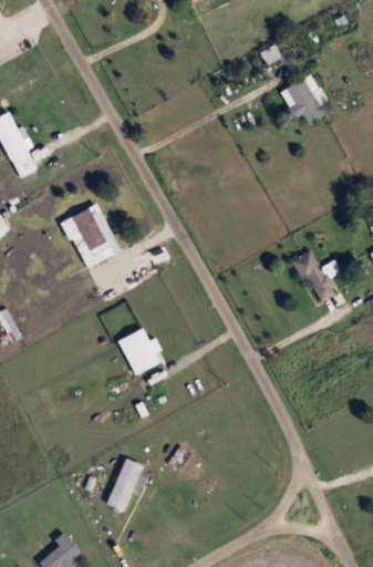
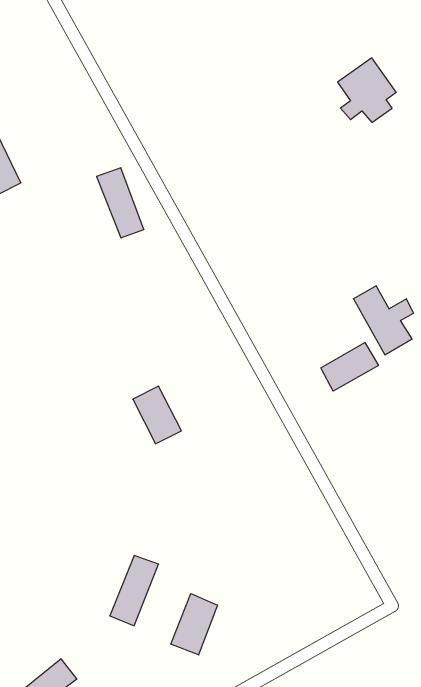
building: [73,207,110,261] -> [97,168,144,238]
building: none -> [321,342,378,391]
building: none -> [171,594,218,655]

